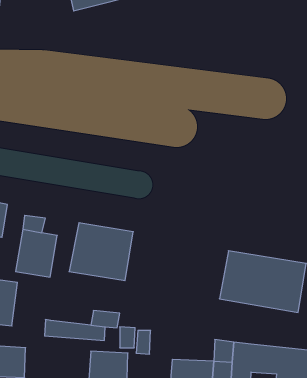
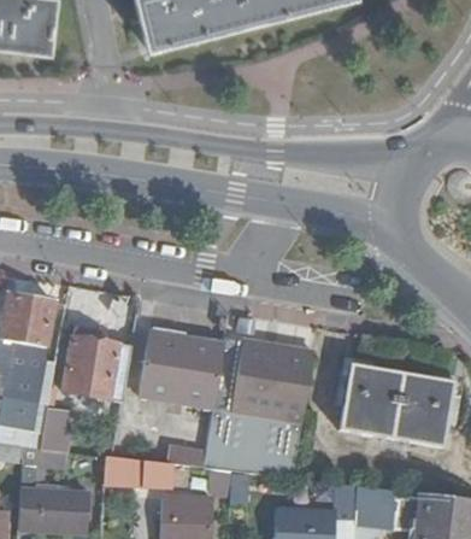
building: none -> [210,334,312,444]

